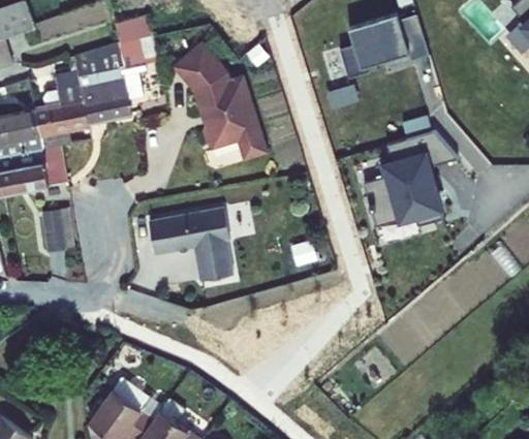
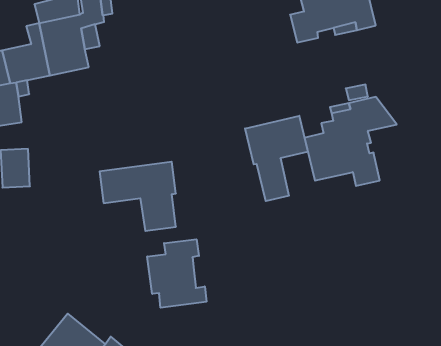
building: [177,46,270,162] -> none
building: none -> [245,116,308,201]
building: none -> [147,239,206,308]

